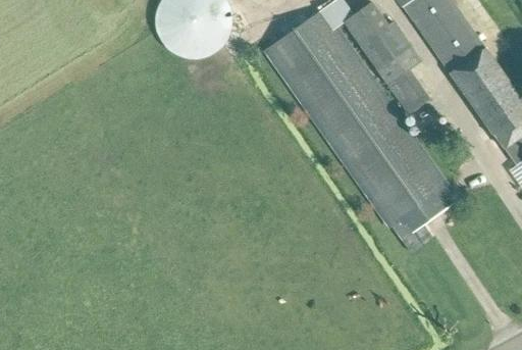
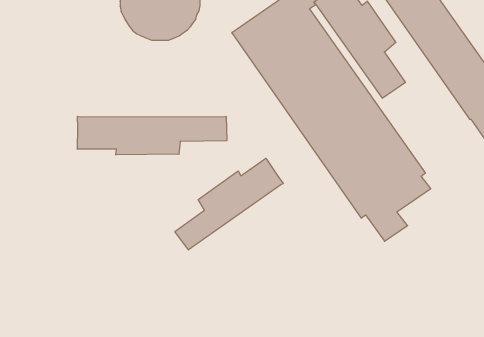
building: none -> [77,116,227,155]
building: none -> [175,158,283,250]

